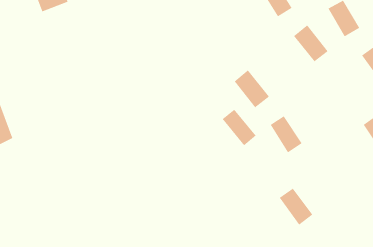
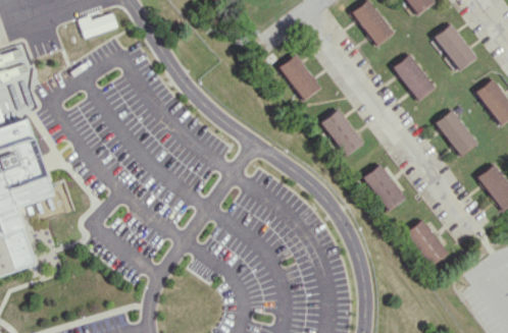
building: none -> [281,55,318,100]
building: none -> [435,110,476,156]
building: [222,109,256,146] -> none
building: [279,188,313,225] -> [405,220,447,266]

